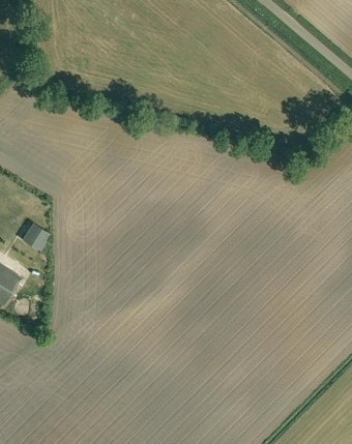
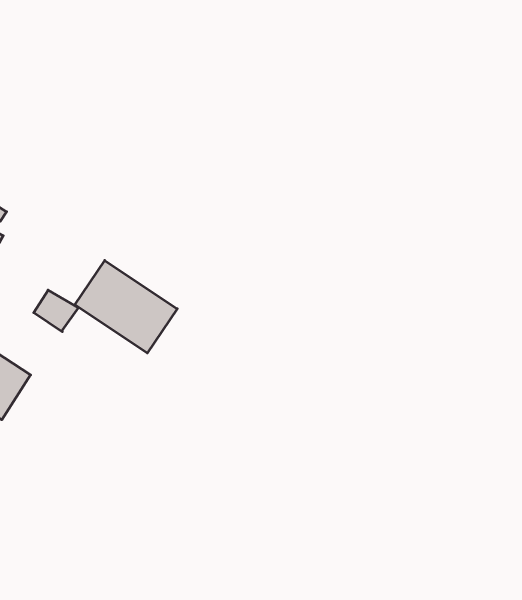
building: none -> [75,260,177,353]

